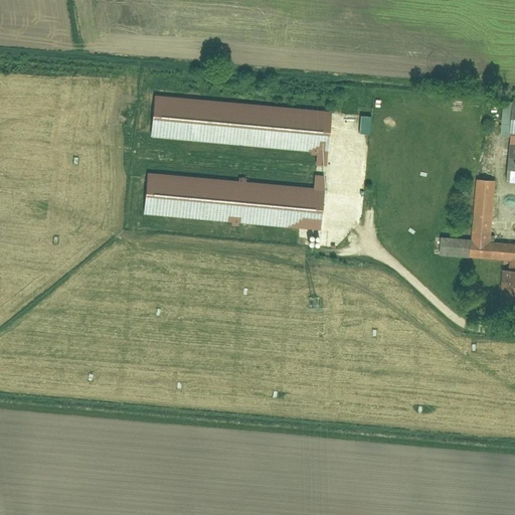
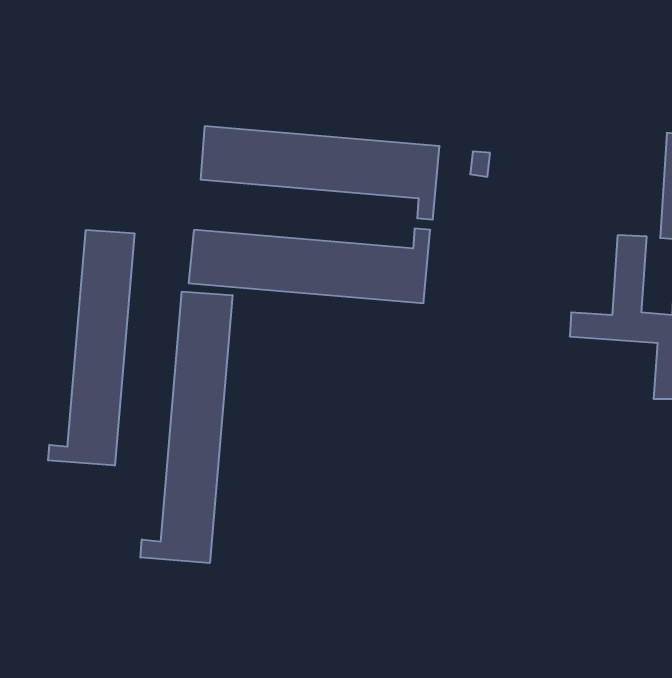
building: none -> [48,230,134,466]
building: none -> [140,292,232,563]

